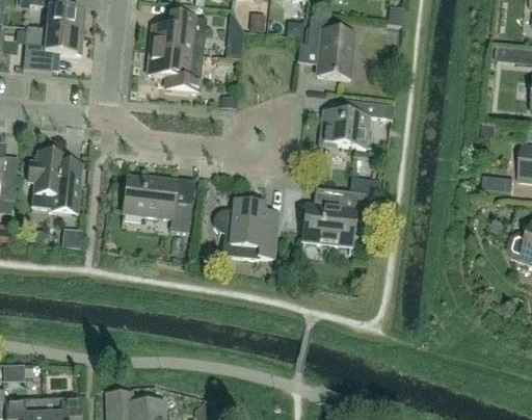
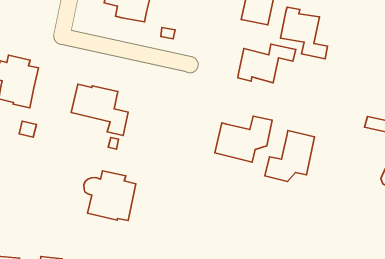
building: none -> [280,7,327,59]
building: [214,200,277,258] -> [84,171,136,221]
building: none -> [265,131,315,181]

